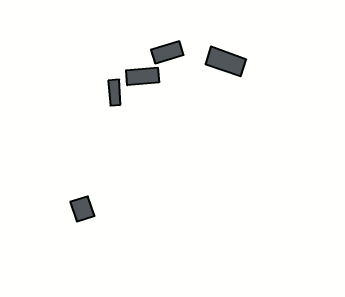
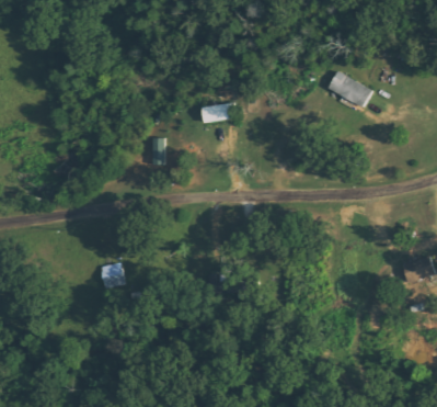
building: [205,46,246,76] -> [327,71,372,106]
building: [126,68,159,85] -> none

